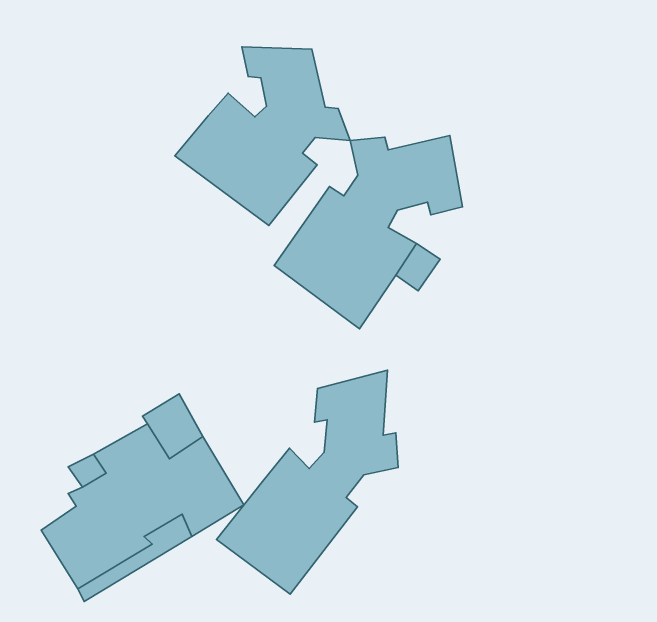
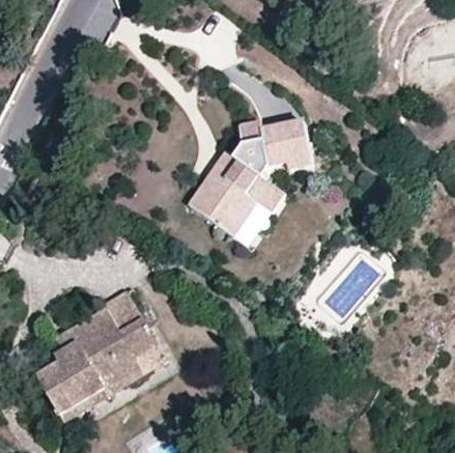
building: [175,47,350,225] -> none
building: [217,370,398,594] -> none

